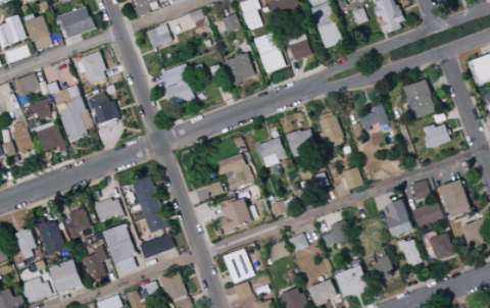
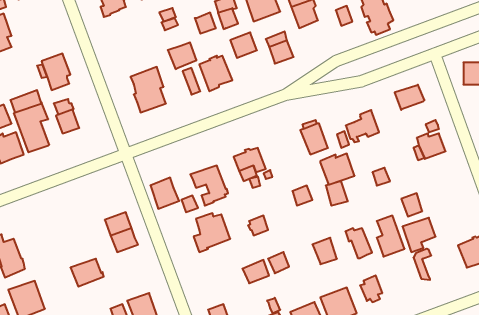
building: [58,5,95,37] -> none
building: [316,19,346,49] -> none
building: [145,23,172,48] -> [168,42,197,69]
building: [259,47,285,72] -> none
building: [410,94,437,118] -> none
building: [286,127,317,156] -> [320,154,355,185]
building: [131,174,157,203] -> [150,178,179,209]
building: [441,178,472,217] -> none
building: [94,198,124,220] -> none
building: [66,208,90,238] -> none
building: [101,223,130,247] -> none
building: [139,233,175,258] -> none
building: [430,233,454,259] -> none
building: [397,239,422,266] -> [345,228,372,258]
building: [82,246,105,281] -> none
building: [223,248,254,283] -> none

